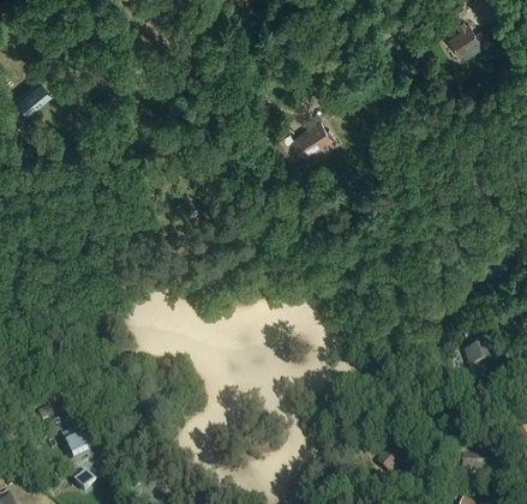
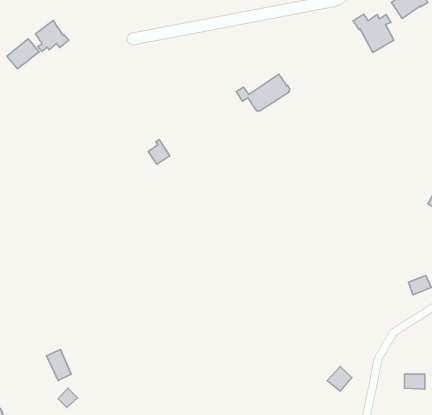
building: none -> [353,14,394,52]
building: none -> [36,20,69,52]

